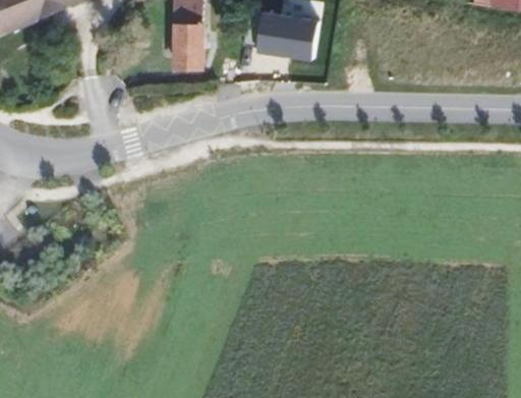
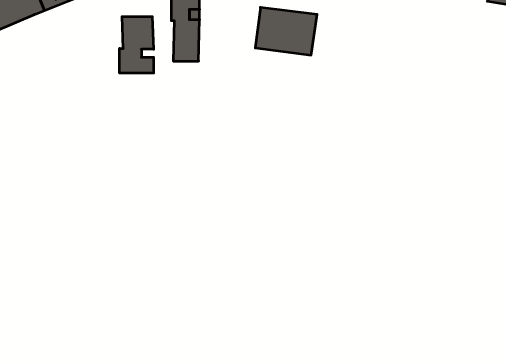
building: none -> [120,17,154,73]

